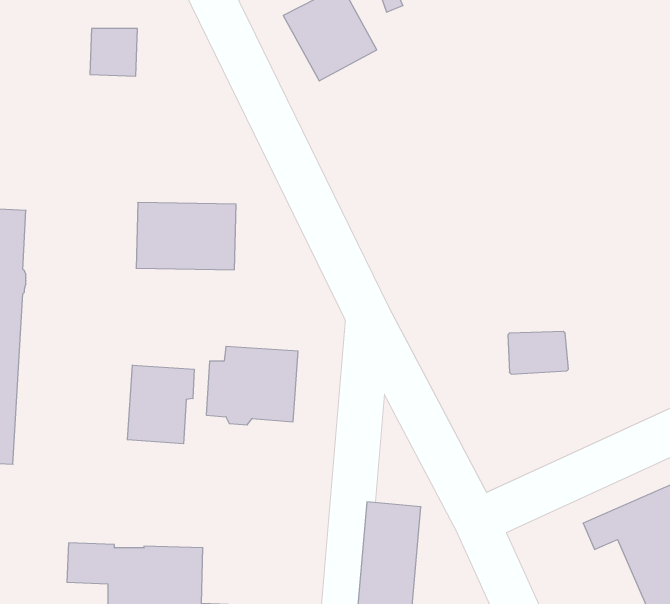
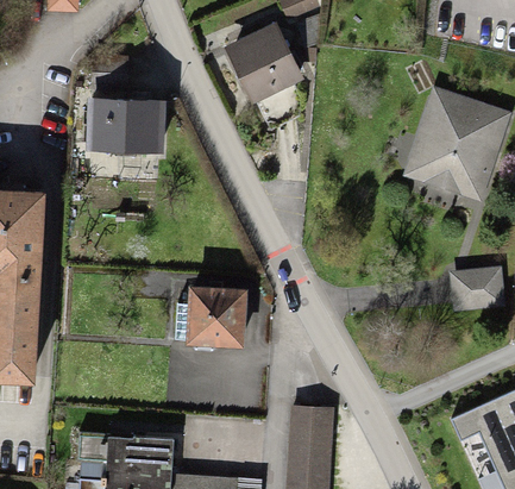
building: none -> [414,93,502,192]
building: [136,203,236,270] -> [92,102,164,151]
building: [508,331,568,374] -> [459,275,503,306]
building: [127,365,194,444] -> none

